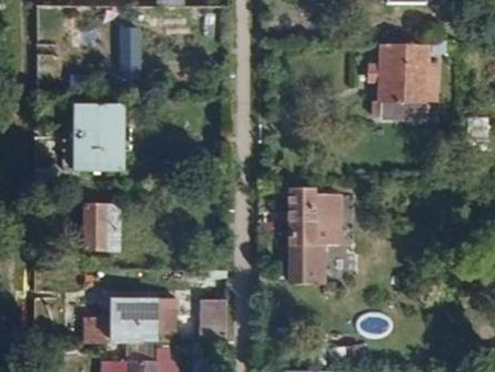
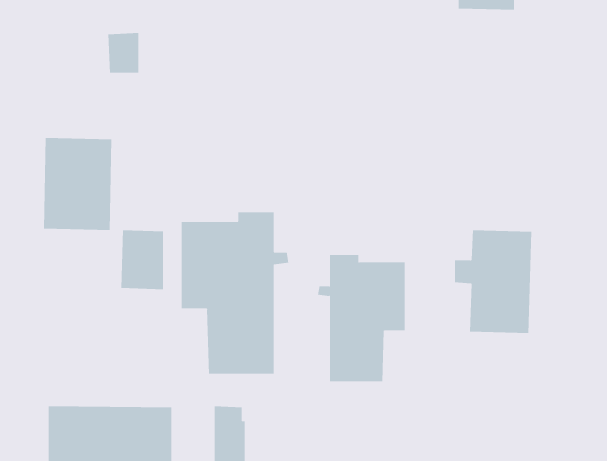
building: [374,46,431,122] -> [454,230,532,333]
building: none -> [181,211,289,374]
building: [81,205,113,249] -> [121,230,164,290]

